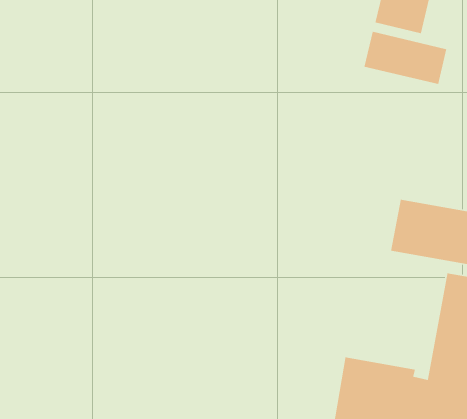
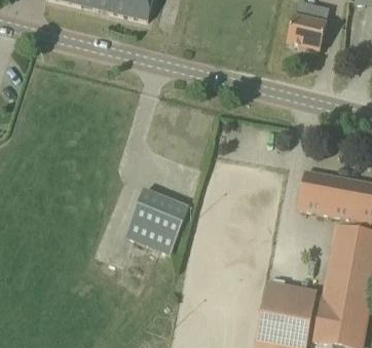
building: [364,31,447,85] -> none
building: none -> [124,189,190,255]

